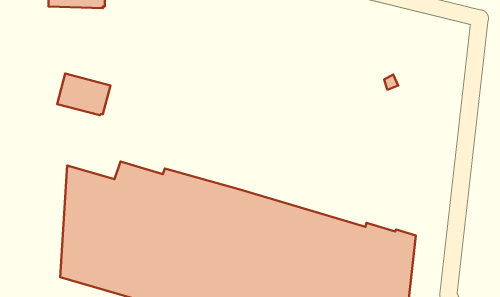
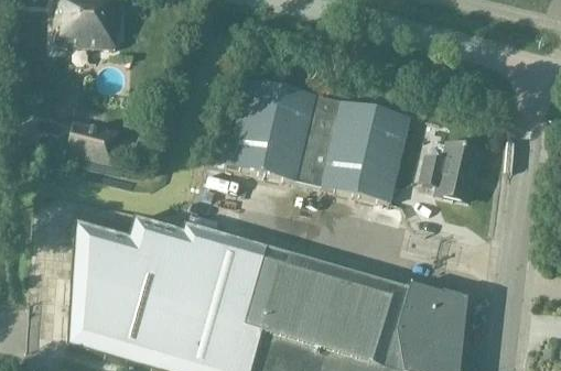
building: none -> [228,76,409,200]
building: none -> [422,139,483,198]

